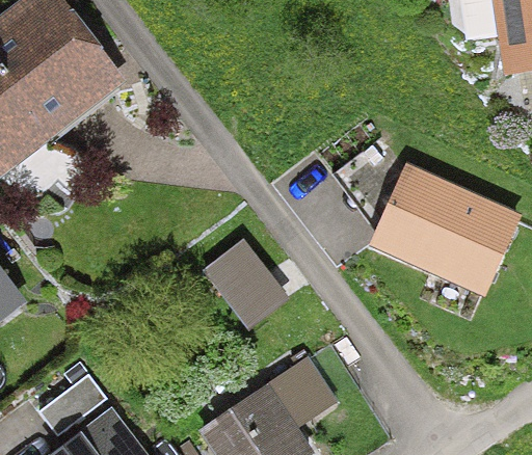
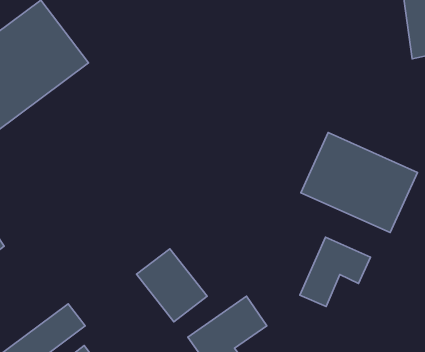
building: [202,240,288,329] -> [137,249,207,322]
building: none -> [300,237,371,306]

